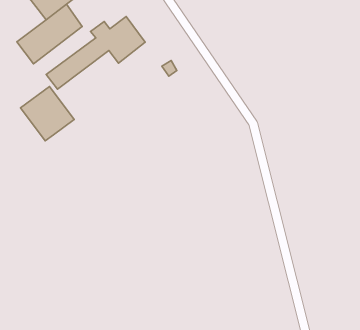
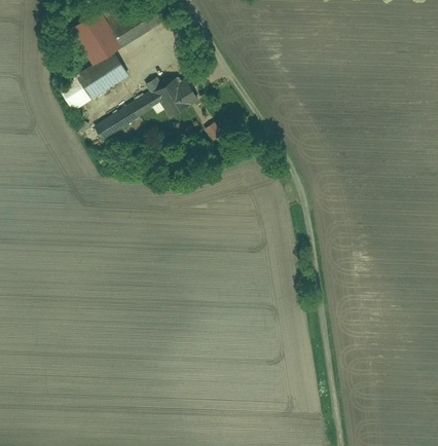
building: [21,87,74,141] -> none

